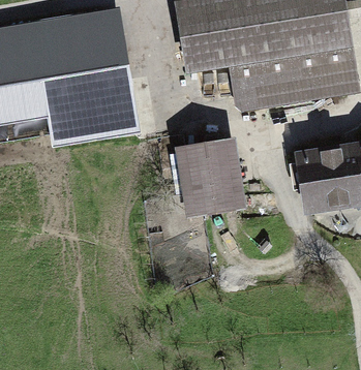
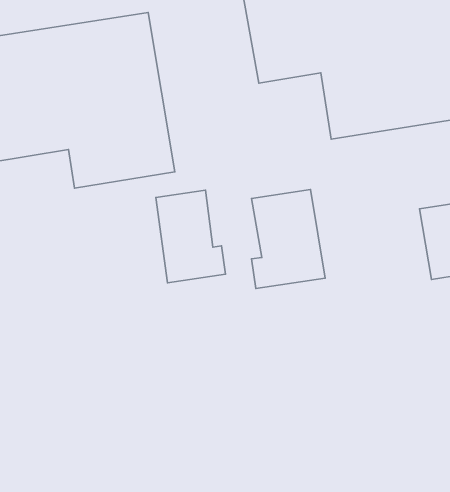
building: none -> [156,190,226,283]

